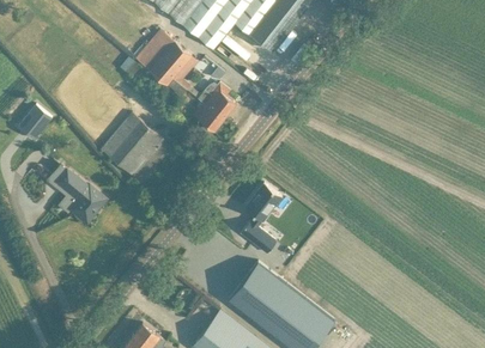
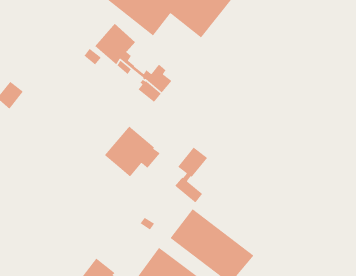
building: [98,111,169,176] -> [104,125,161,177]
building: [54,169,103,221] -> none

